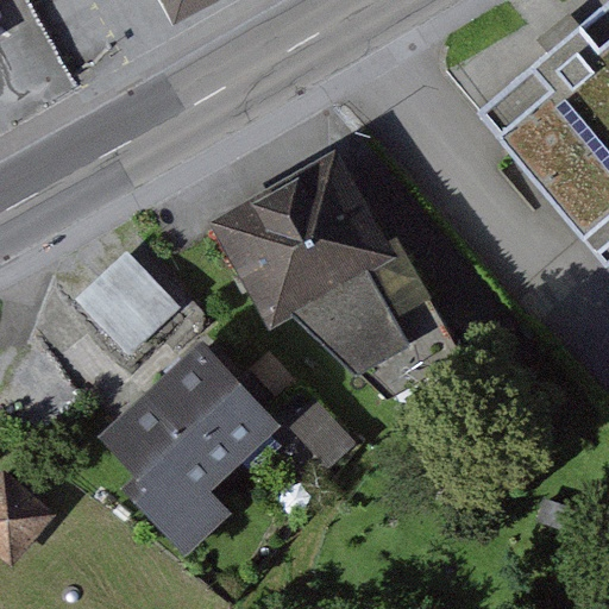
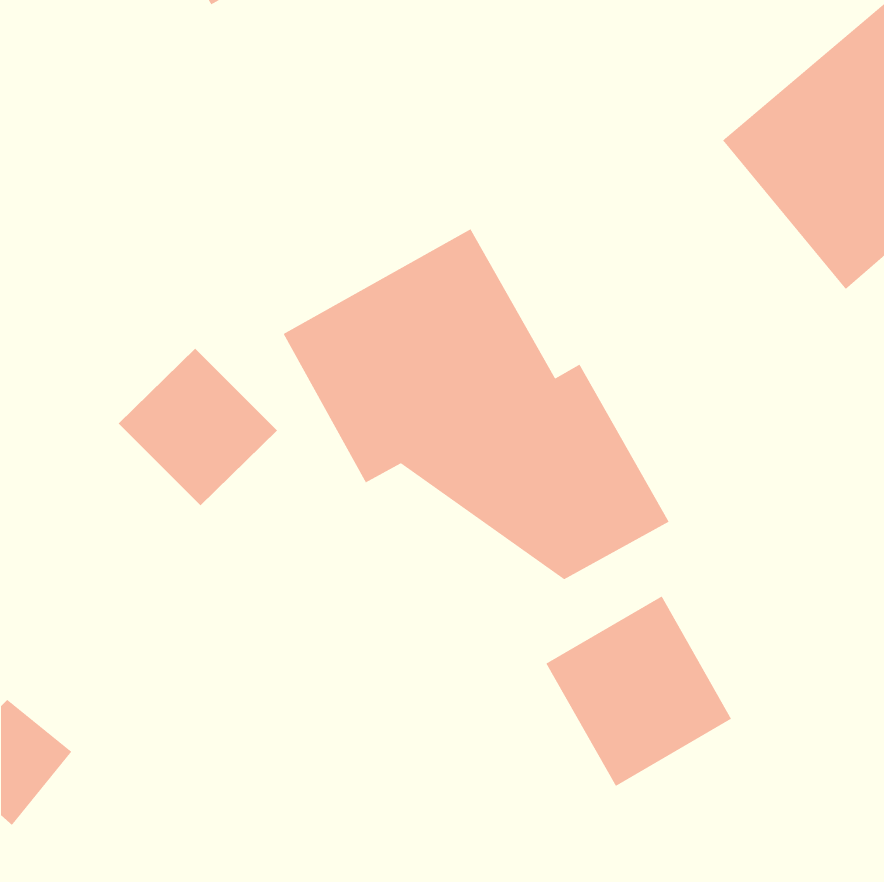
building: [82,349,277,561] -> none
building: none -> [546,596,732,787]

